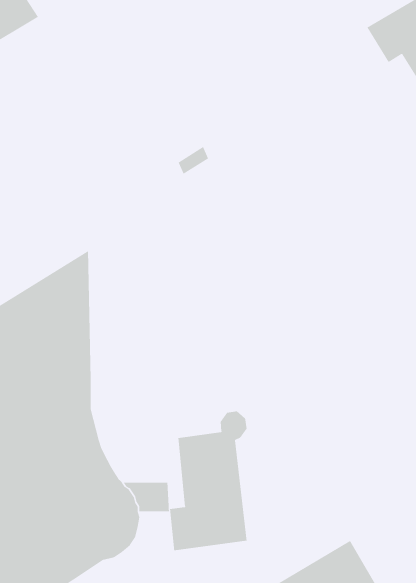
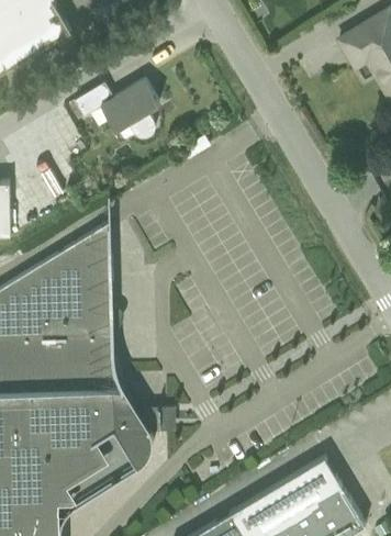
building: none -> [72,78,157,138]
building: [170,411,247,551] -> none

